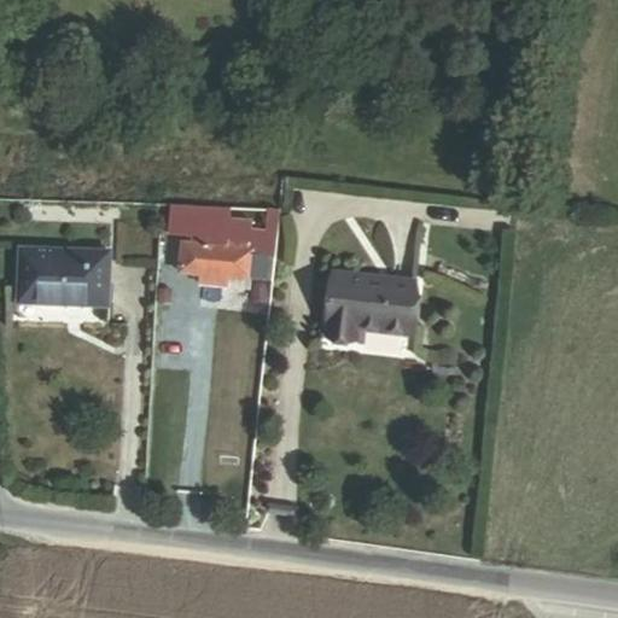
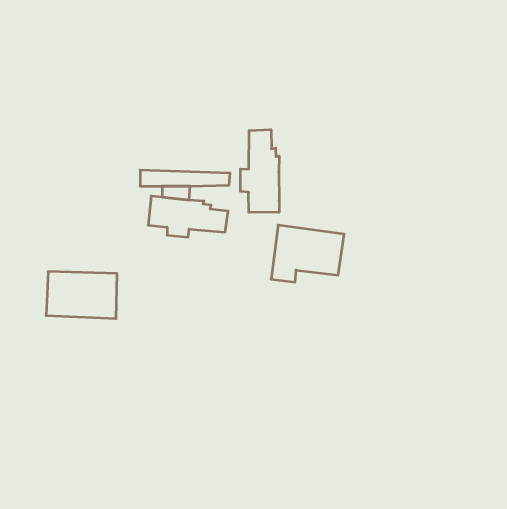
building: none -> [240,130,279,212]
building: [22,249,107,305] -> [46,272,117,319]

